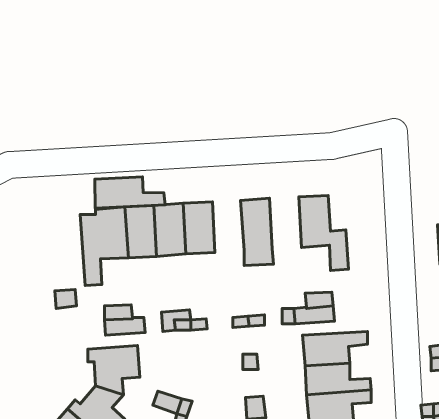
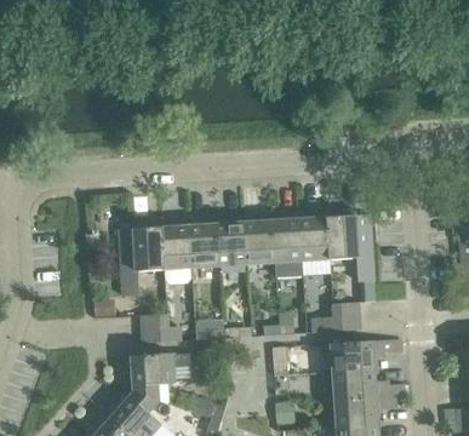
building: [95,177,165,208] -> none
building: none -> [298,213,328,263]
building: none -> [244,217,274,266]

